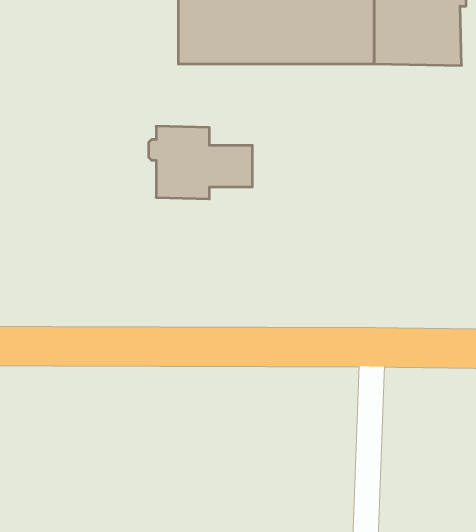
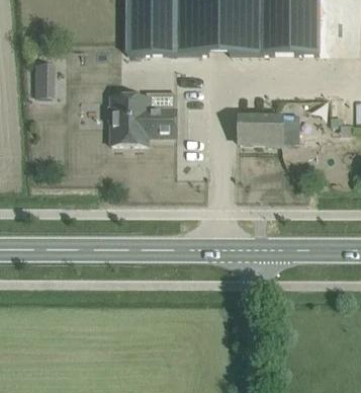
building: none -> [36,60,53,95]
building: none -> [239,113,298,144]

